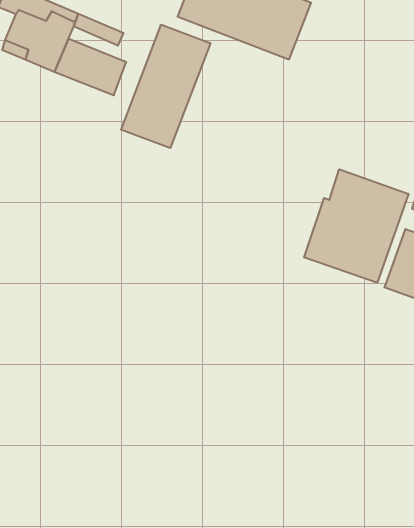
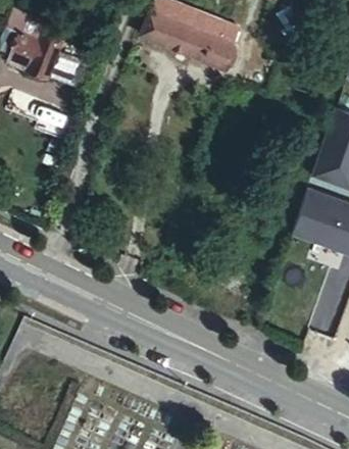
building: [121,25,210,148] -> none
building: [304,169,408,283] -> none

